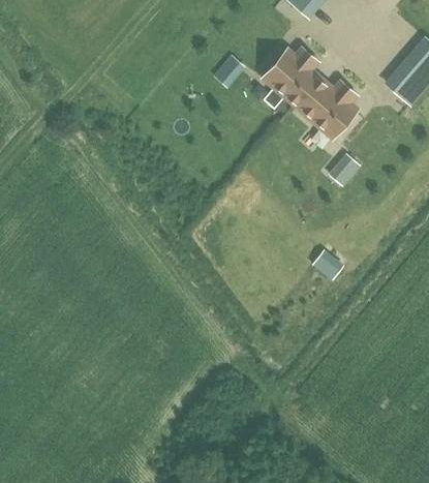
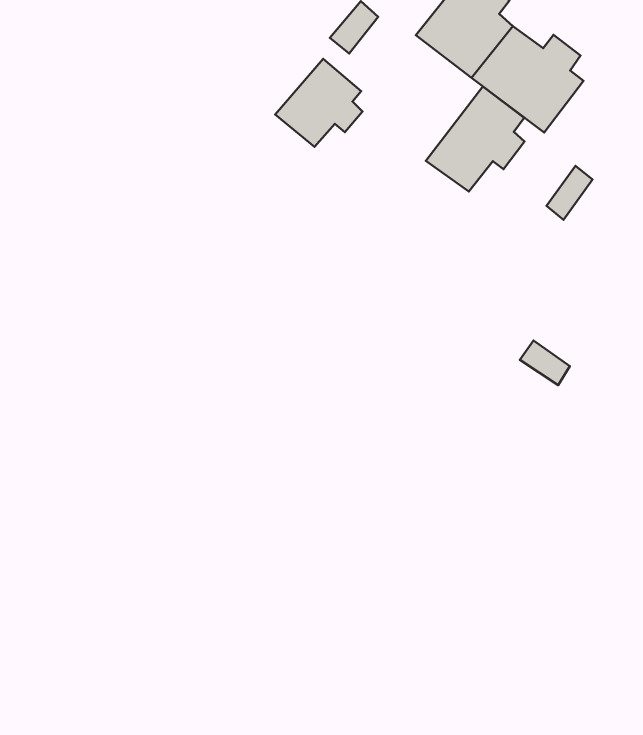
building: none -> [275,59,362,147]
building: none -> [426,86,525,192]

